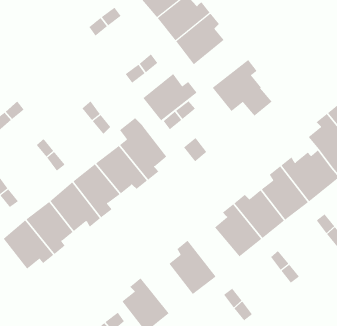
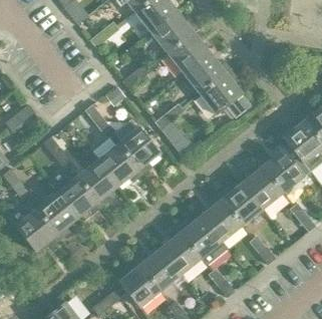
building: [143,73,197,121] -> [183,51,231,93]
building: none -> [178,216,228,265]
building: none -> [136,248,182,291]

